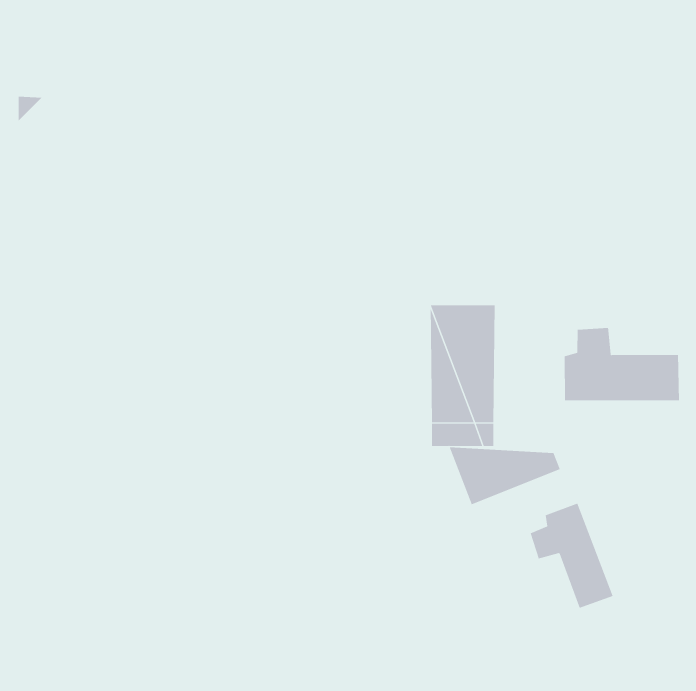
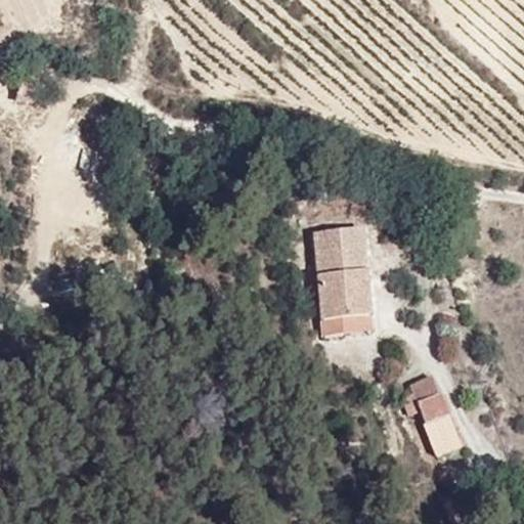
building: [564,327,679,401] -> none
building: [449,446,561,505] -> none

